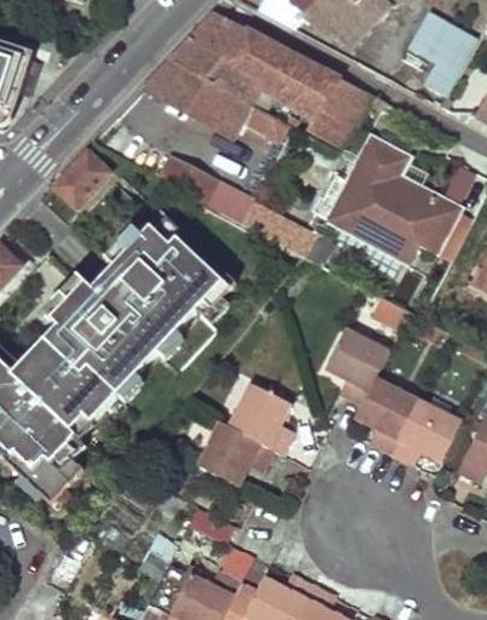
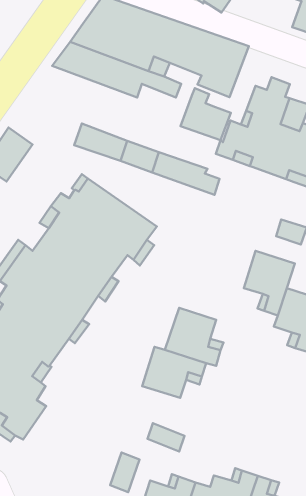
building: none -> [180,88,231,140]

